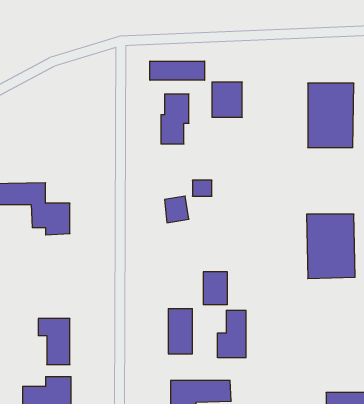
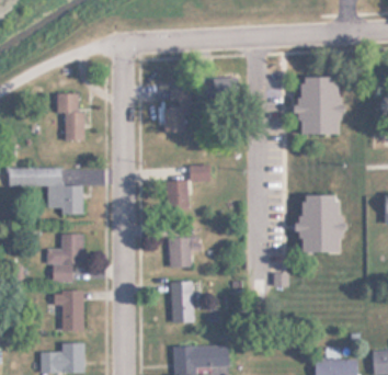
building: [150,61,205,80] -> none
building: none -> [57,94,85,135]
building: none -> [50,235,84,282]
building: [203,272,227,305] -> [169,238,191,268]
building: [218,310,246,358] -> none

